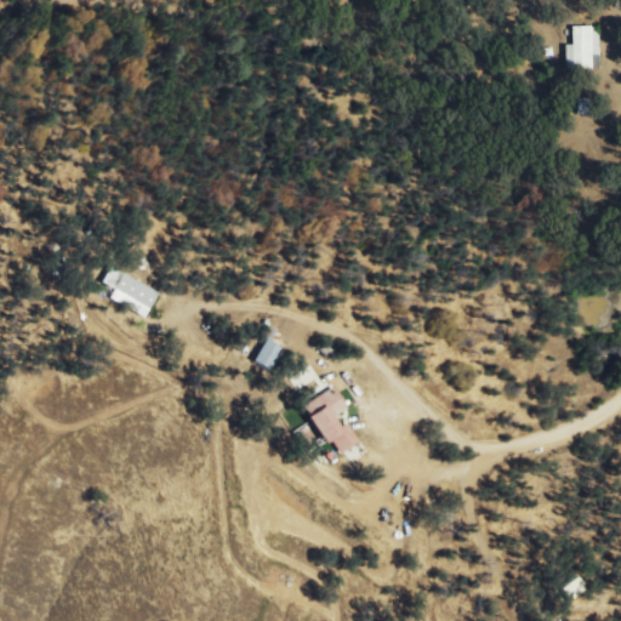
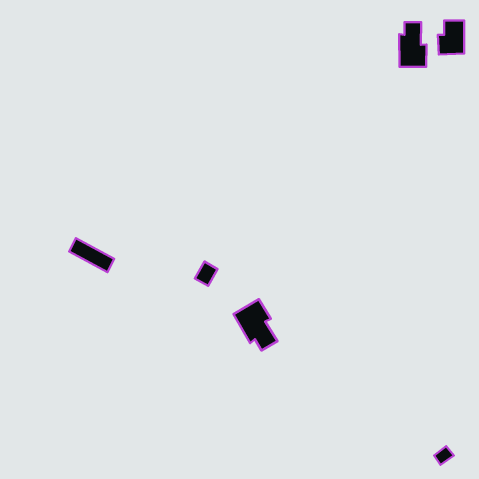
building: none -> [399,22,427,67]
building: [99,266,158,309] -> [69,238,114,272]

